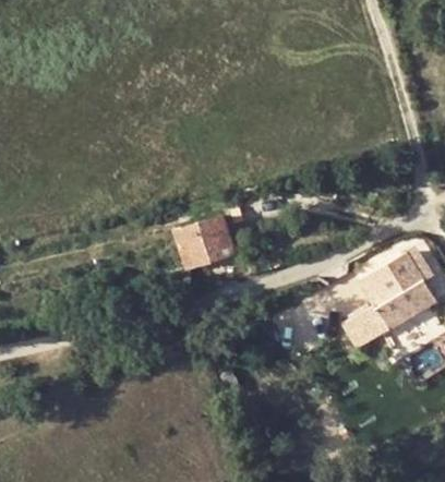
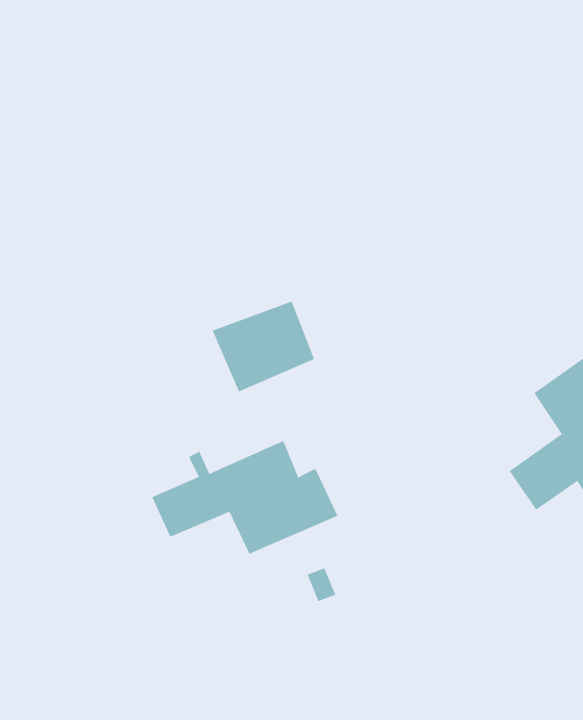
building: none -> [152,440,338,554]

